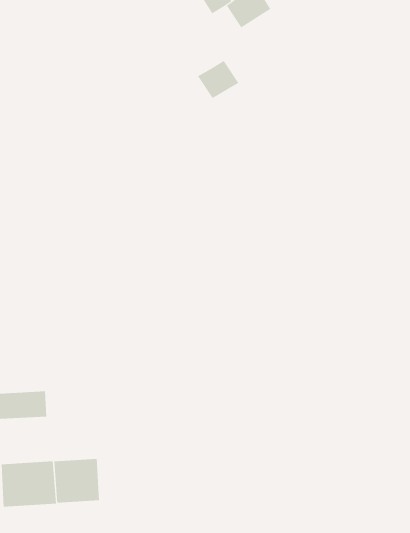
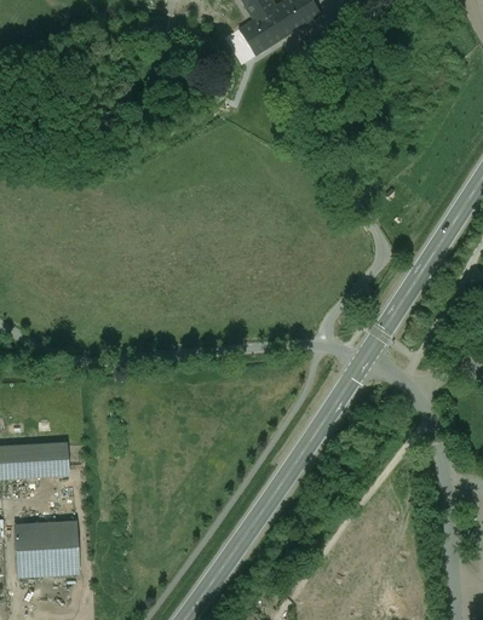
building: [197,60,239,99] -> [238,11,286,54]
building: [54,458,99,503] -> none

